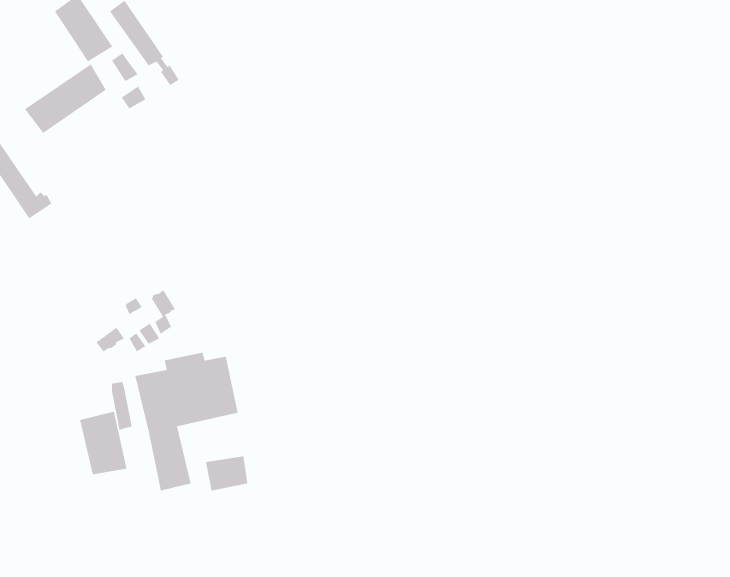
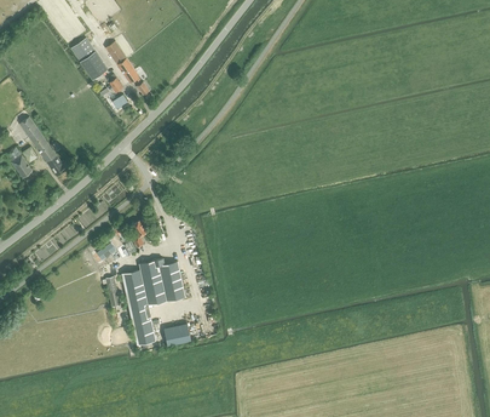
building: [24,63,106,134] -> none
building: [80,411,127,475] -> none

